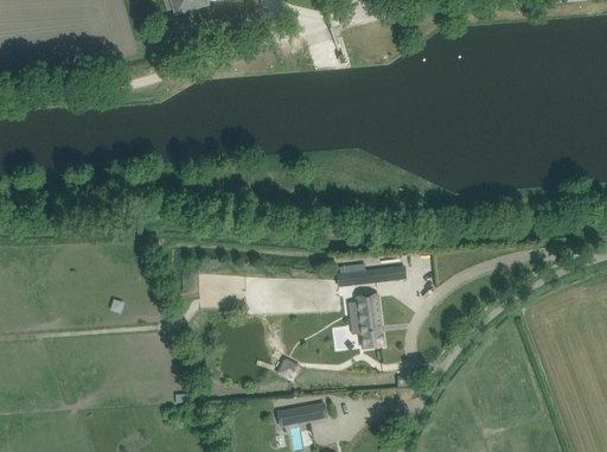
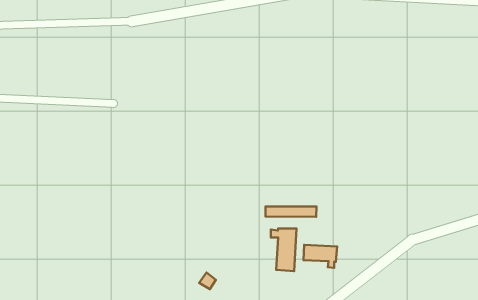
building: none -> [304,245,337,268]

